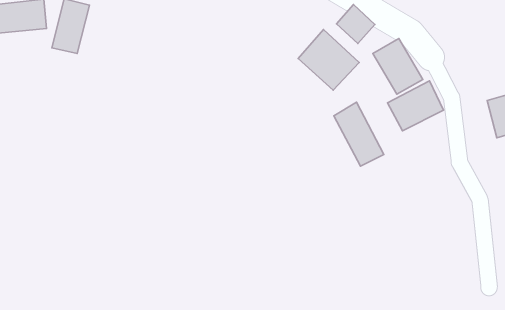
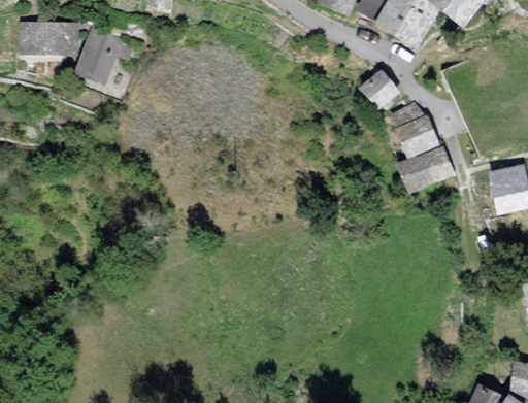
building: [298,29,359,90] -> none
building: [334,102,384,166] -> none

